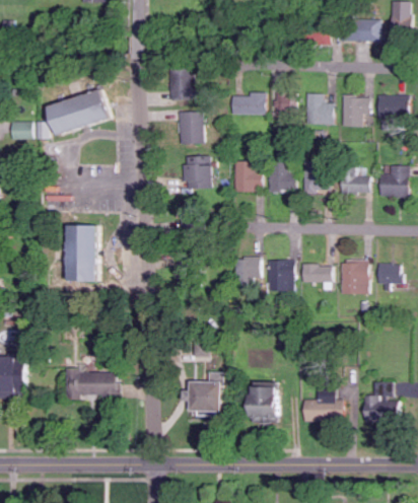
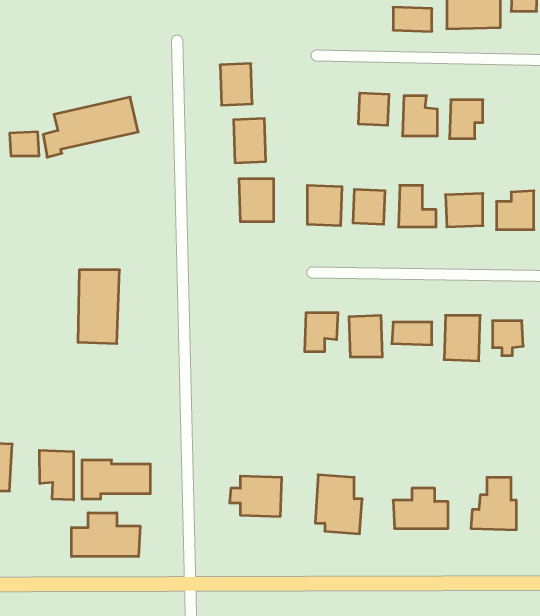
building: [233,92,268,115] -> none
building: [377,94,407,118] -> none
building: none -> [39,450,74,500]
building: none -> [72,513,140,557]

